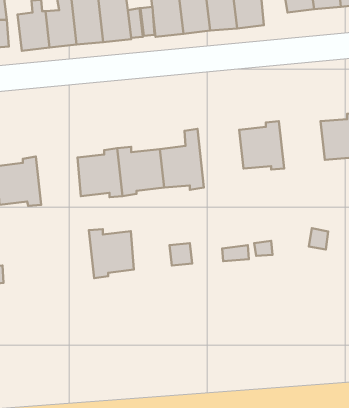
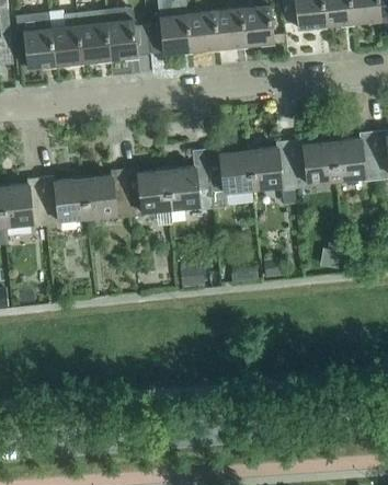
building: none -> [290,139,338,189]
building: none -> [207,148,254,209]
building: [89,229,134,278] -> [42,176,88,227]

